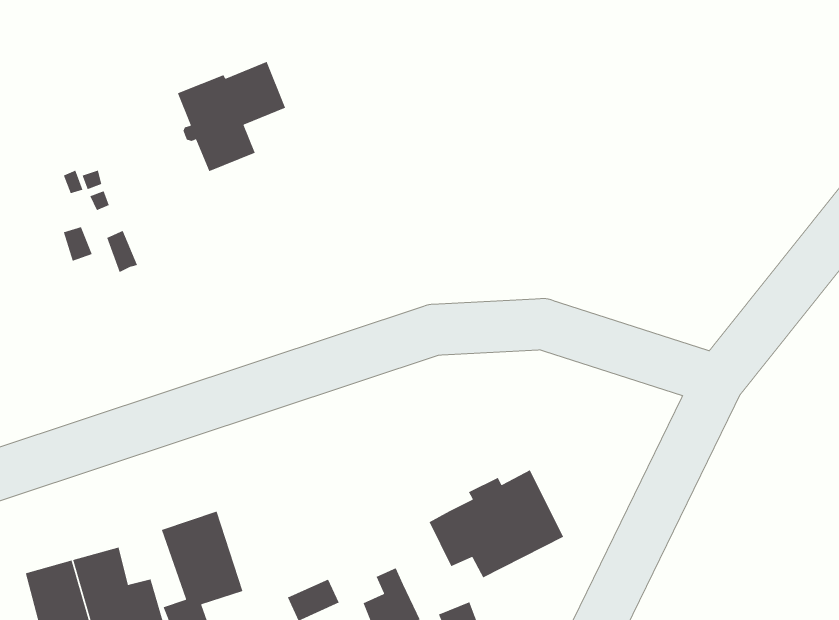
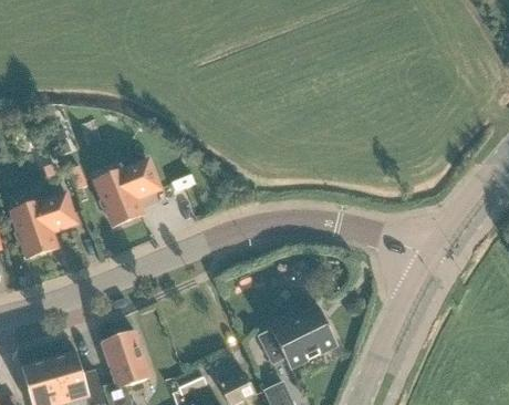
building: [177,61,286,172] -> [95,160,159,226]
building: none -> [13,198,76,261]

